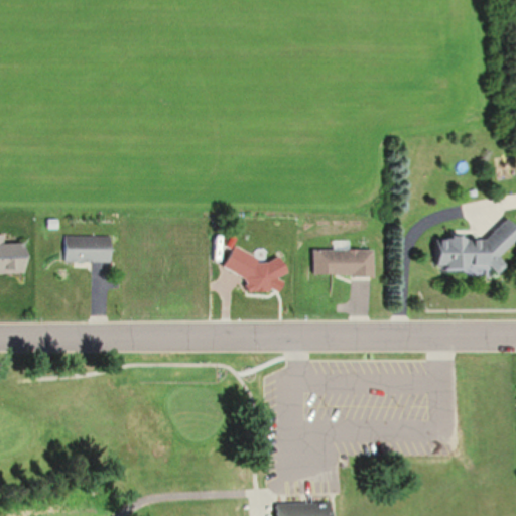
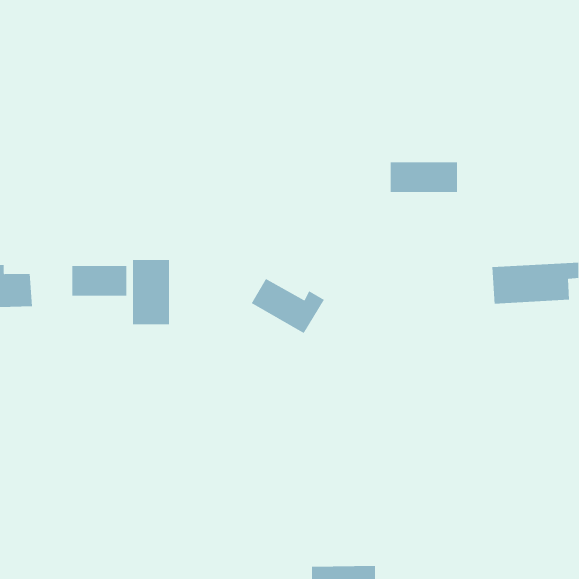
building: none -> [132,259,169,325]
building: [314,250,375,277] -> [390,162,458,192]

